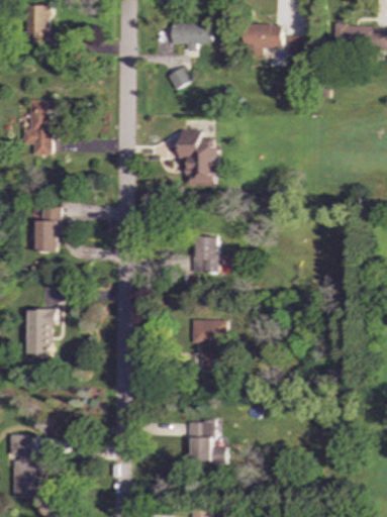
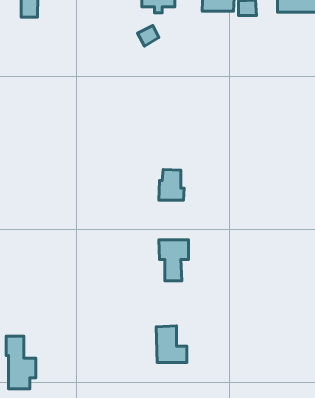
building: [21,99,51,154] -> none
building: [180,129,217,184] -> none
building: [34,204,58,251] -> none
building: [27,308,55,354] -> none

